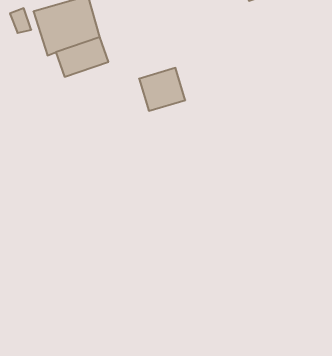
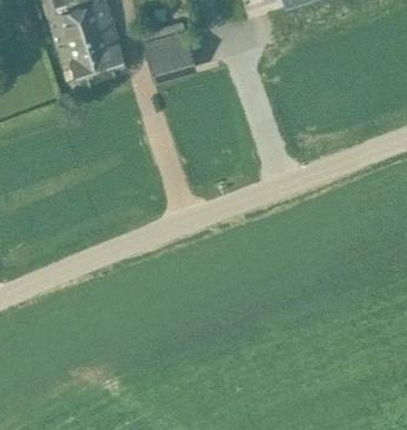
building: [139,68,185,111] -> [144,35,195,82]

